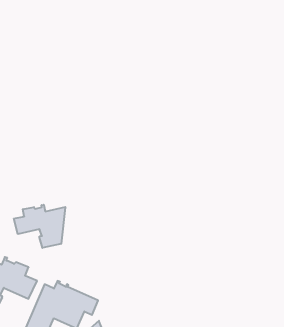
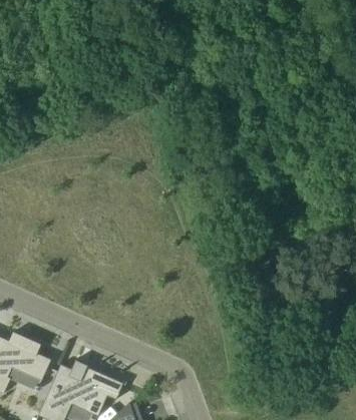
building: [14,205,65,248] -> none

